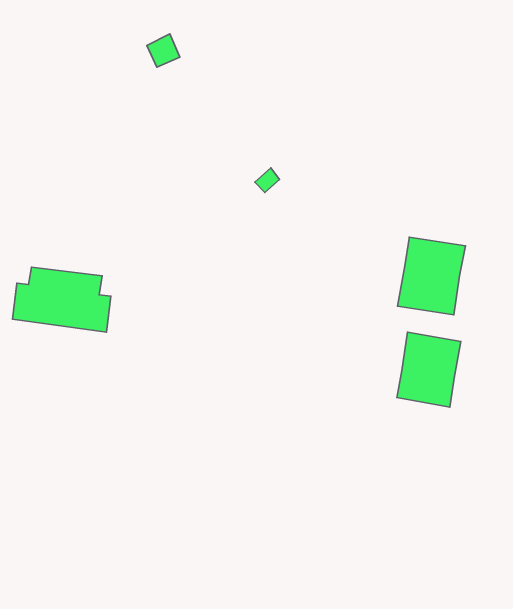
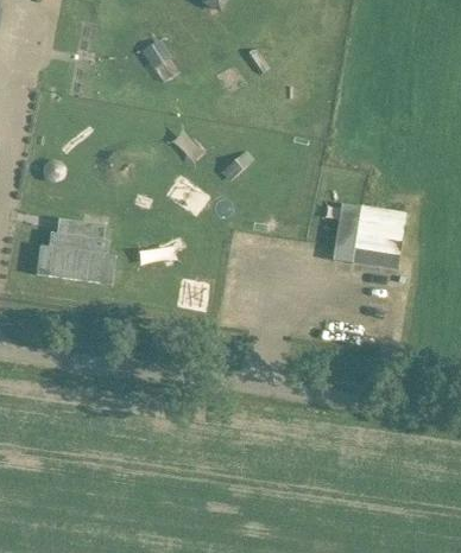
building: [397,332,461,407] -> none

